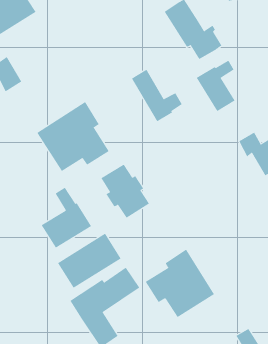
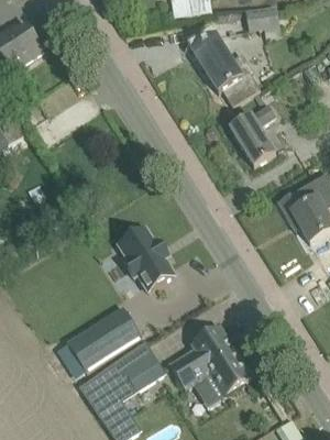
building: [131,69,183,122] -> none
building: [37,101,110,172] -> none
building: [41,187,92,249] -> none

